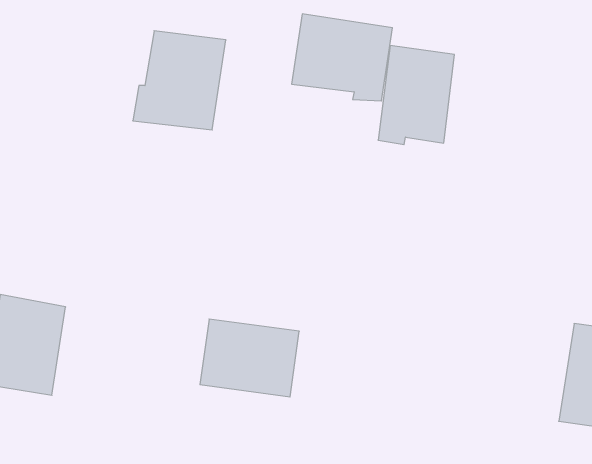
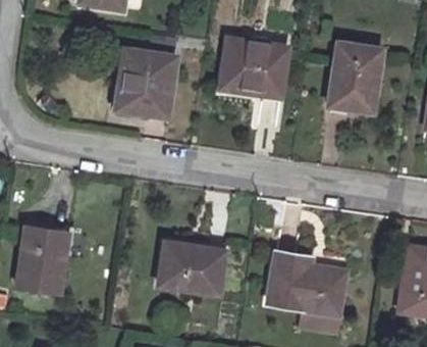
building: [378,46,454,145] -> [330,43,381,109]
building: none -> [267,252,346,315]

